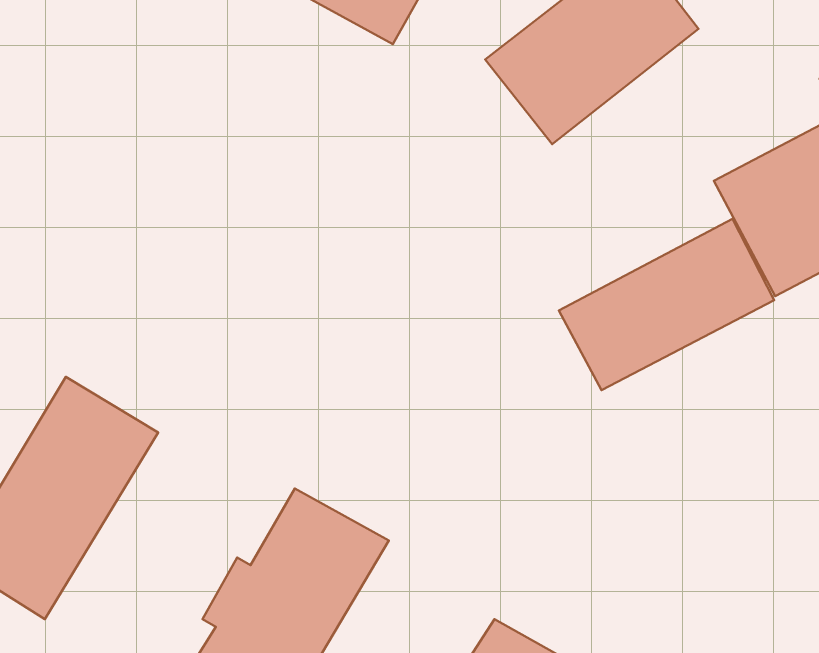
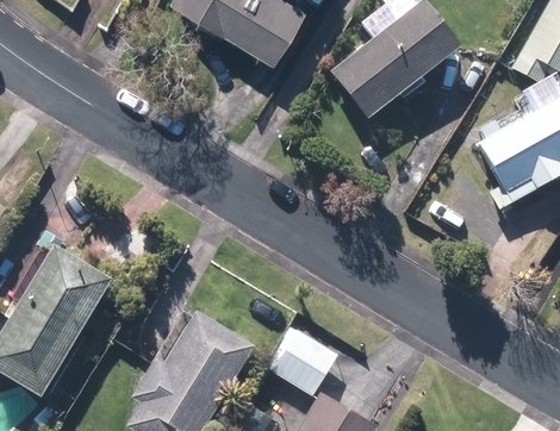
building: [559,219,774,390] -> none
building: none -> [287,341,350,404]

